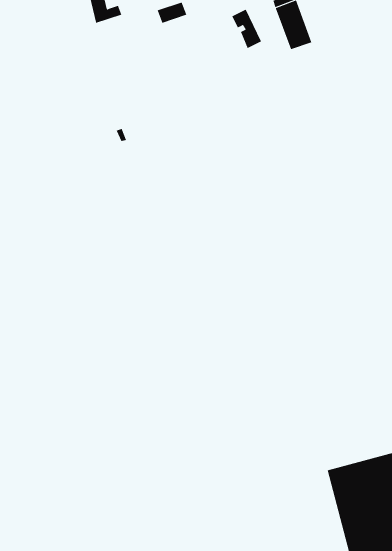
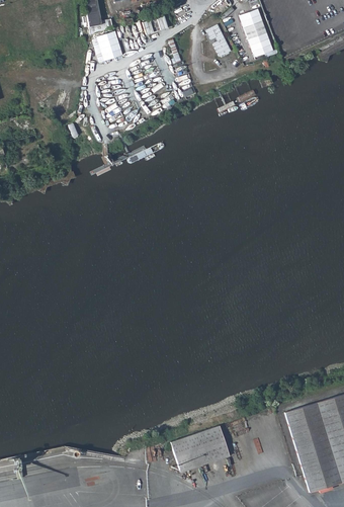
building: none -> [92,30,123,62]
building: none -> [171,426,230,473]

